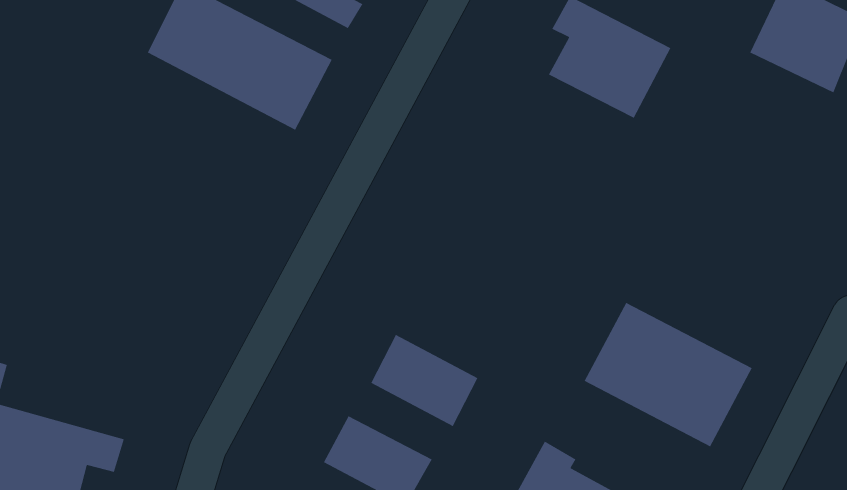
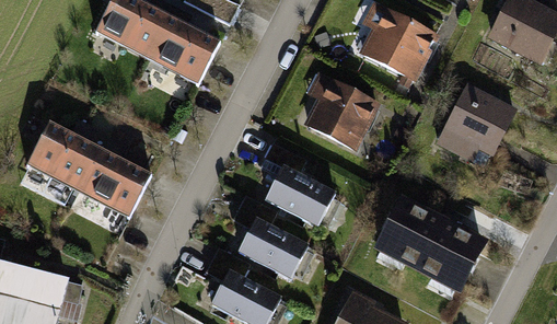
building: none -> [304,70,379,150]
building: none -> [442,84,513,159]
building: none -> [25,121,155,220]
building: none -> [265,167,335,227]

